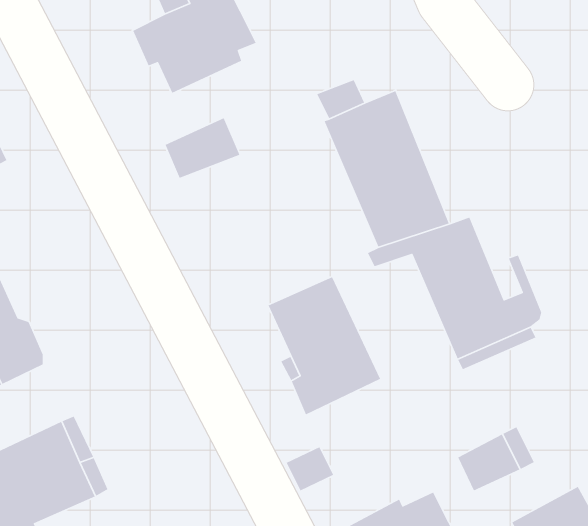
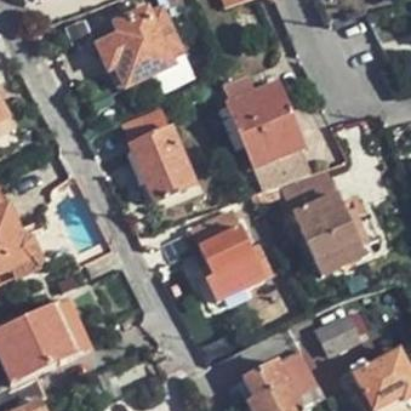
building: none -> [130,126,195,200]

